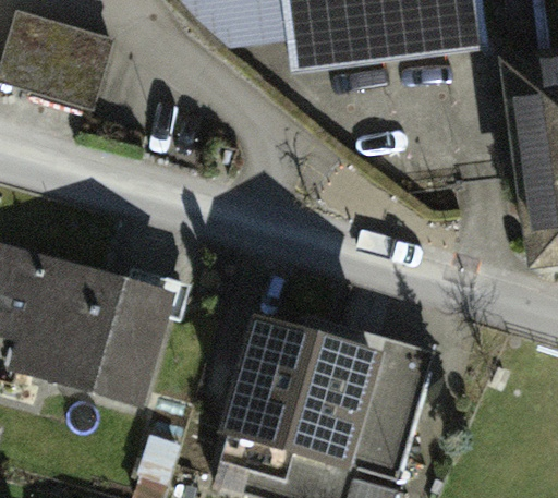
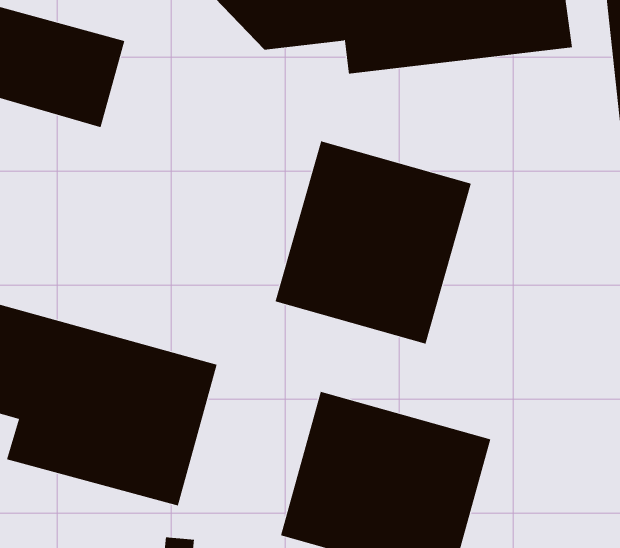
building: none -> [275,141,471,344]

